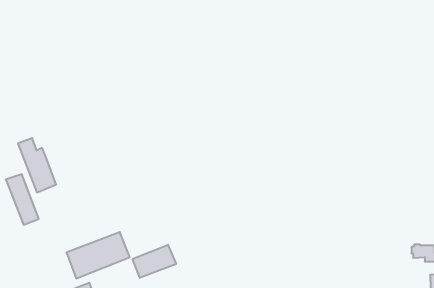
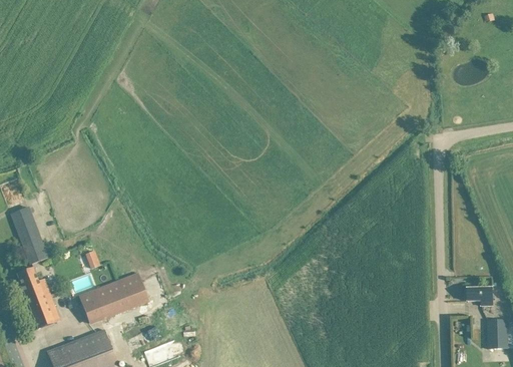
building: [18,138,56,192] -> [17,267,60,328]
building: [133,245,176,278] -> none

